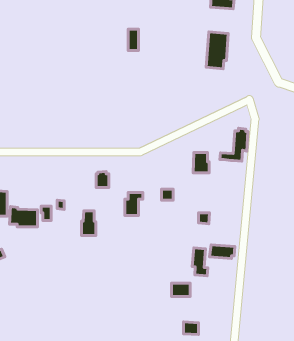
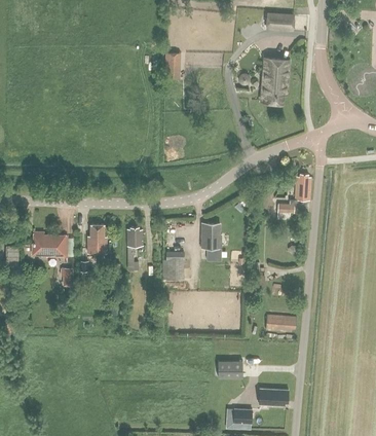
building: [193,152,209,173] -> [201,222,221,247]
building: [9,207,37,227] -> [33,230,67,255]
building: [81,211,96,235] -> [88,222,106,252]
building: [192,248,208,276] -> none
building: none -> [259,387,289,404]

